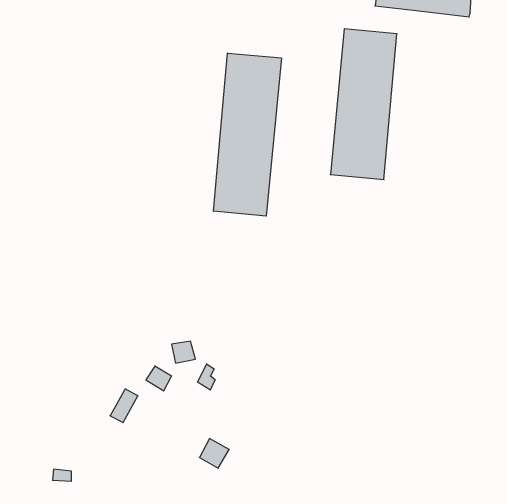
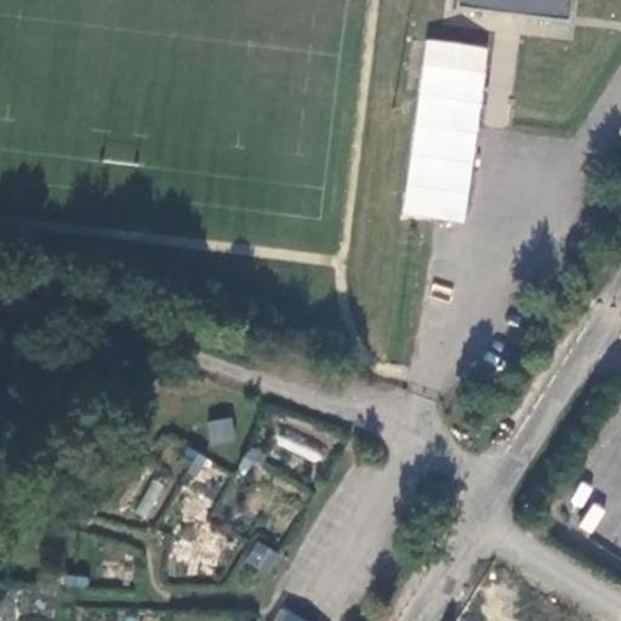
building: [213,53,281,216] -> none

